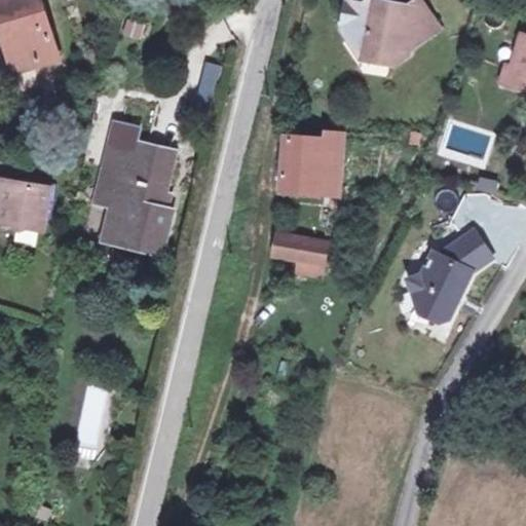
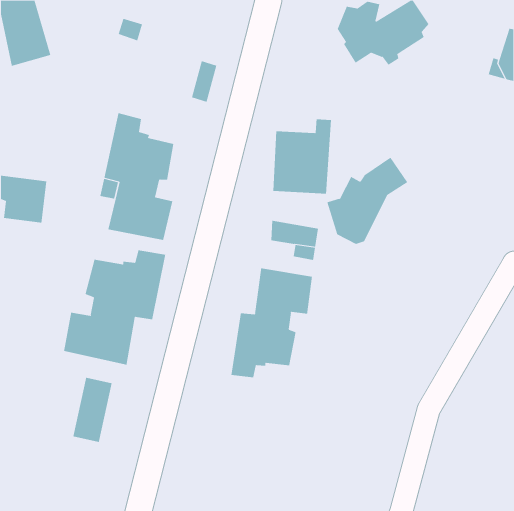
building: [405,226,488,315] -> [327,157,408,244]
building: none -> [64,249,166,365]
building: none -> [231,268,313,378]

